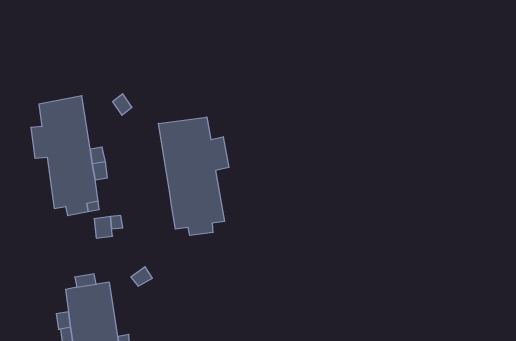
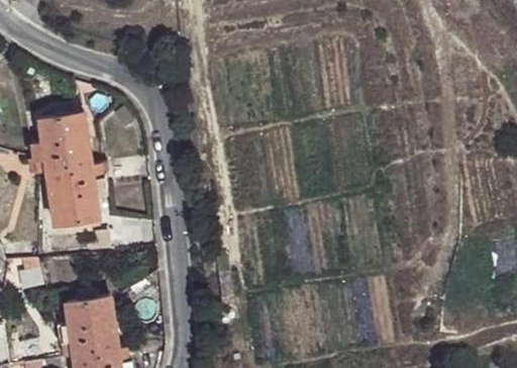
building: [158,117,229,235] -> none

